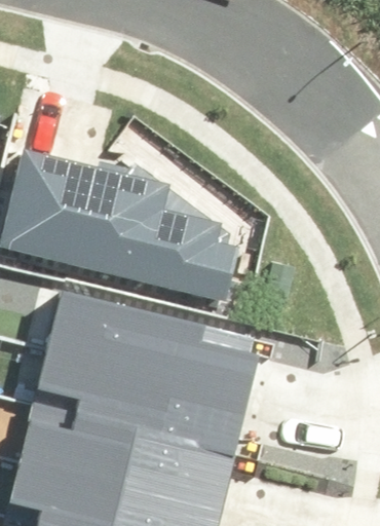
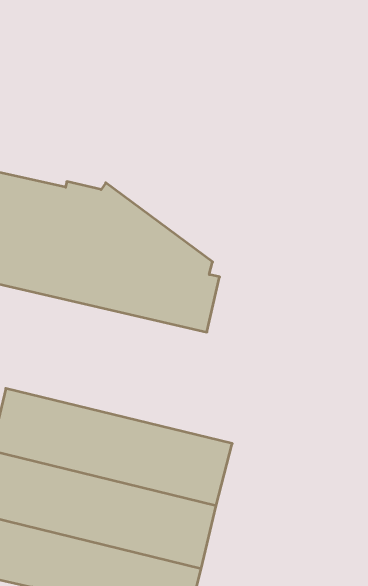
building: [45,292,257,398] -> none

